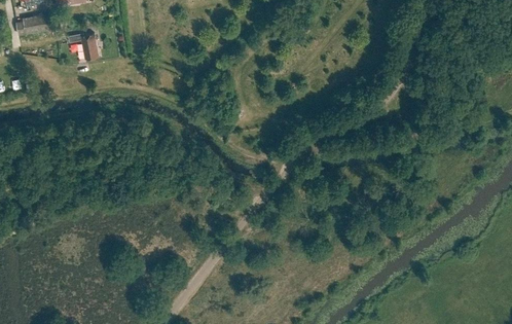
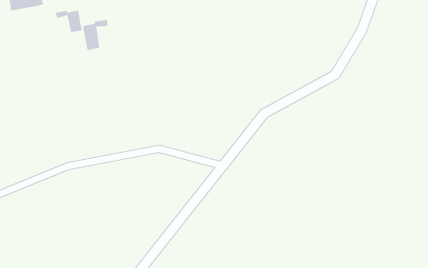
building: none -> [83,19,108,51]

